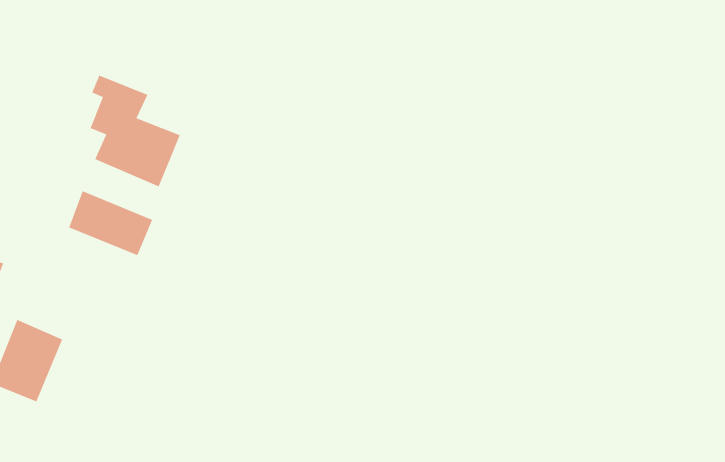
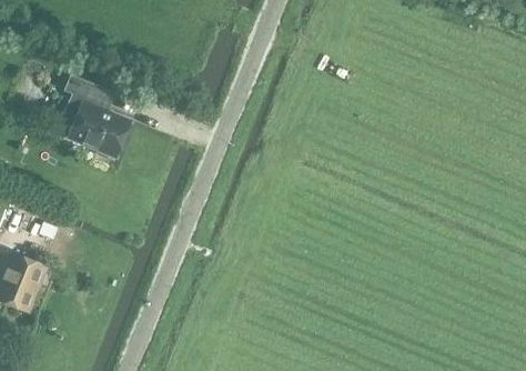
building: [68,190,153,256] -> none

